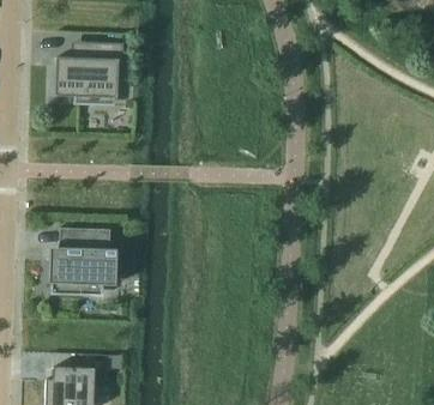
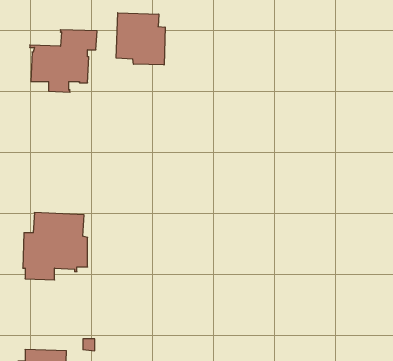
building: none -> [116,13,165,65]

